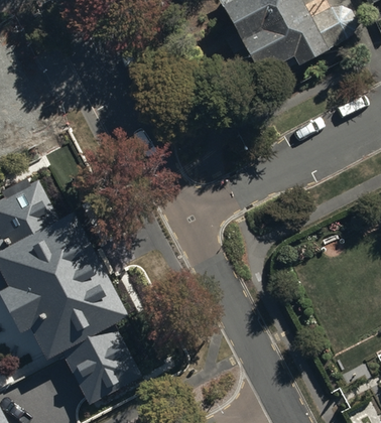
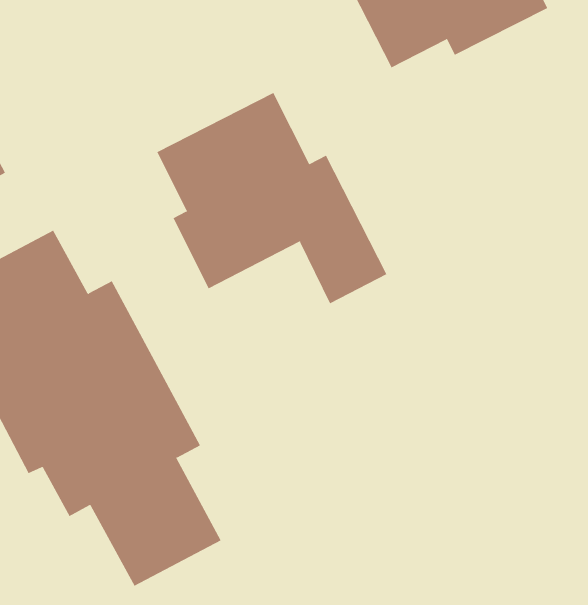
building: none -> [156,92,387,304]

